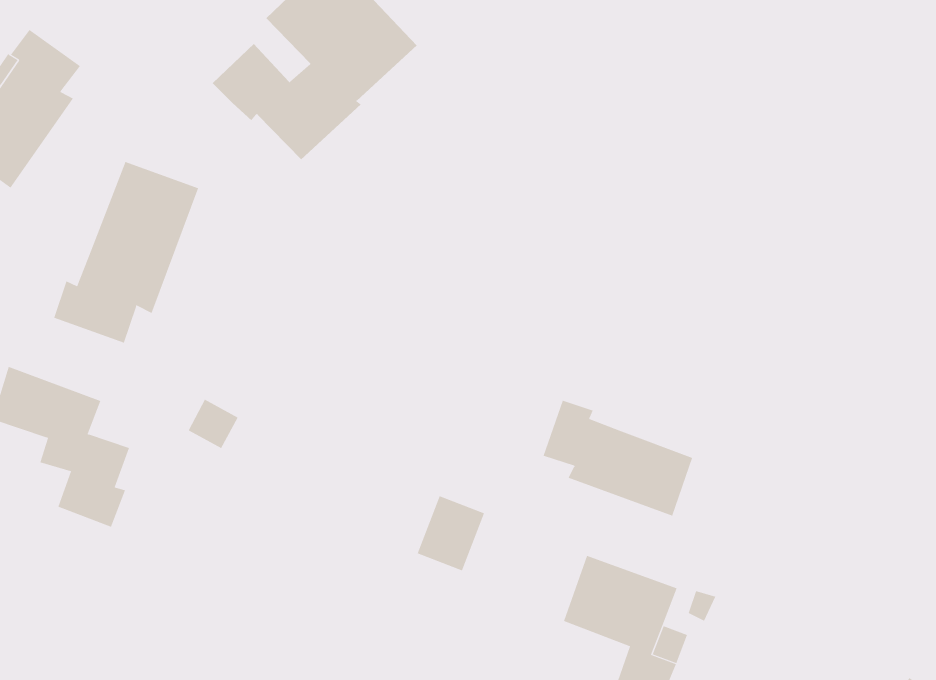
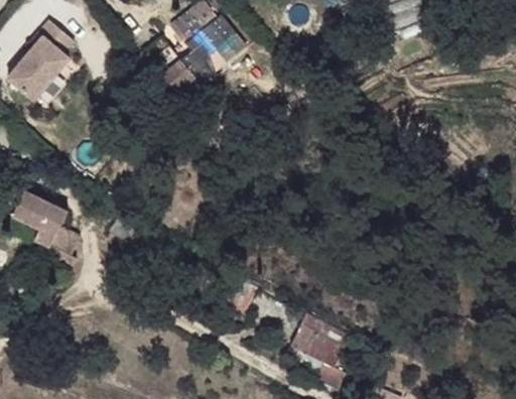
building: [53,161,199,344] -> none
building: [543,400,693,516] -> none

